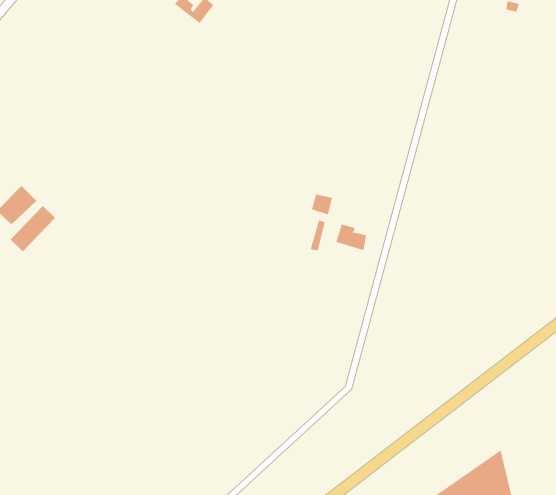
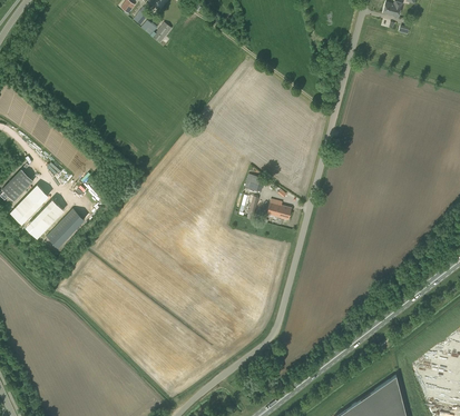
building: none -> [26,198,63,237]
building: none -> [46,209,85,248]

